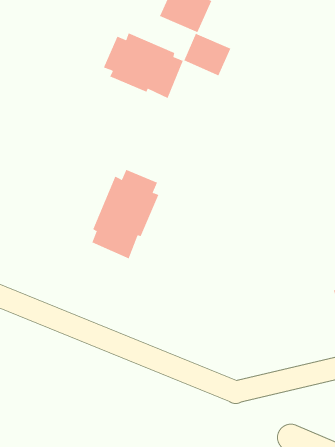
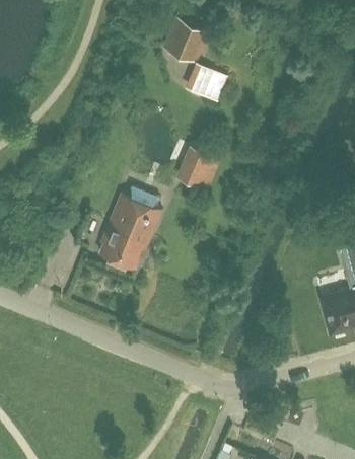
building: [103,32,183,99] -> none
building: none -> [176,148,221,195]

